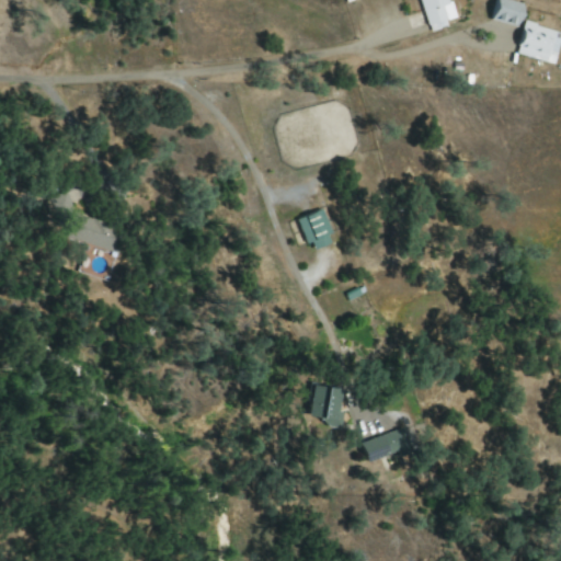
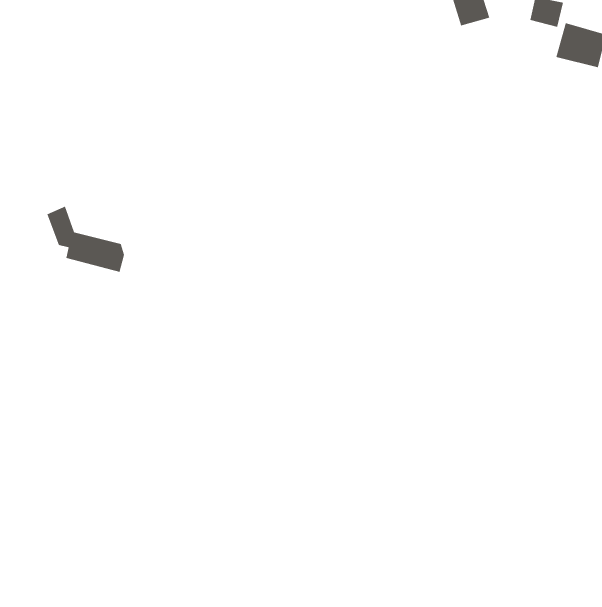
building: [300,208,336,251] -> none
building: [323,387,341,424] -> none
building: [362,426,412,461] -> none

